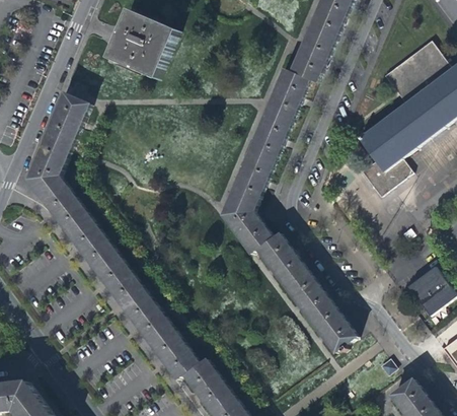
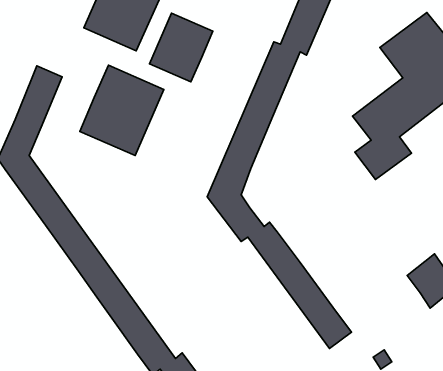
building: none -> [150,13,213,82]
building: none -> [80,65,164,156]

